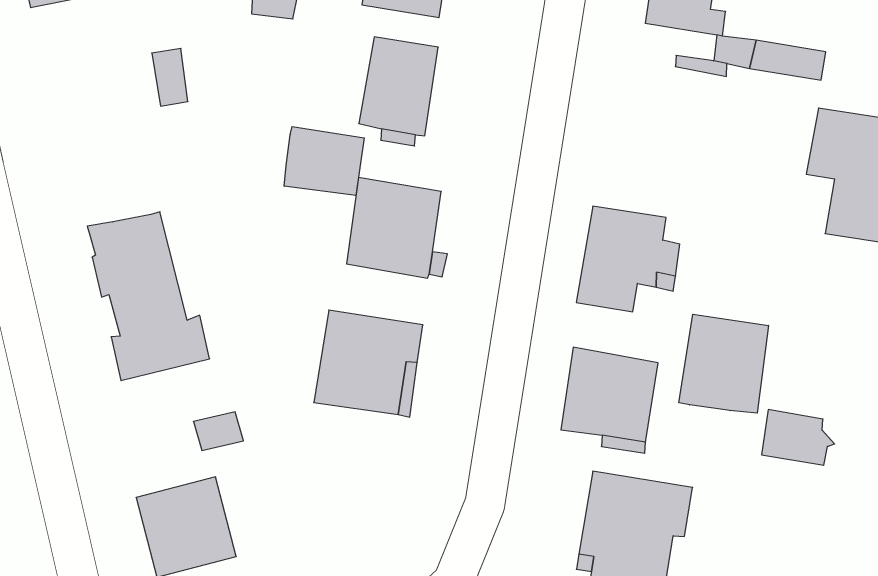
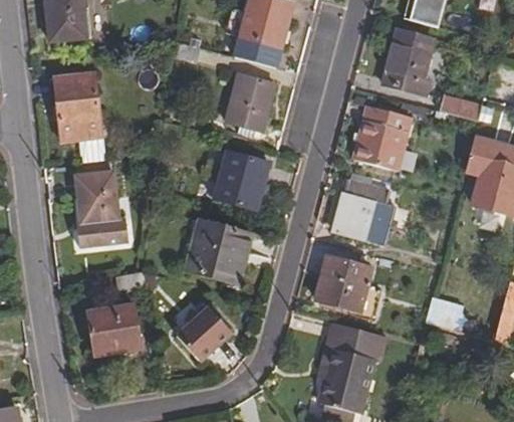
building: none -> [58,71,107,161]
building: none -> [358,104,419,173]
building: [284,127,364,196] -> none
building: [679,314,768,413] -> none
building: none -> [174,304,230,359]

